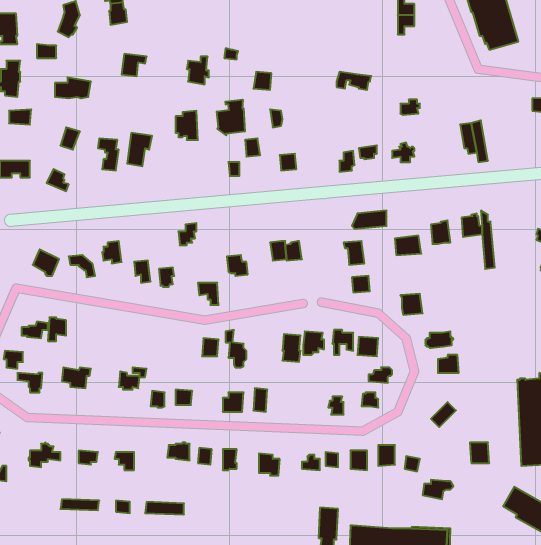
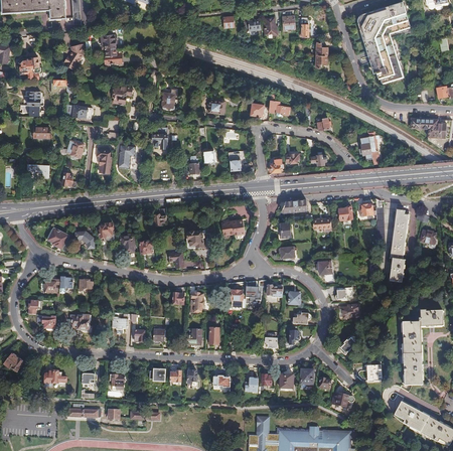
building: [217,100,245,135] -> none
building: none -> [389,210,409,282]

